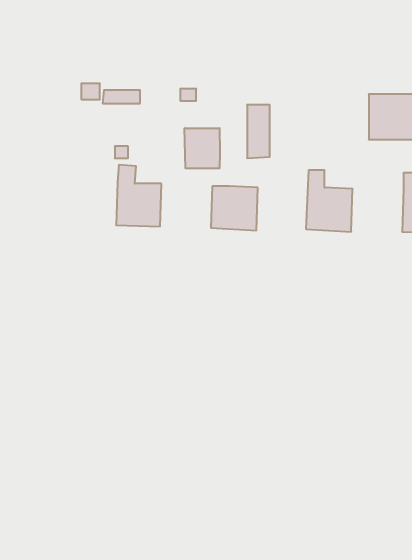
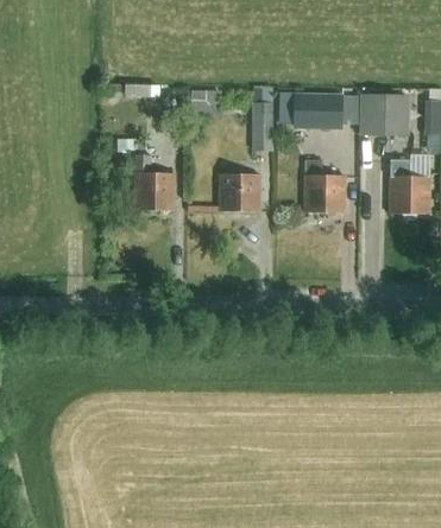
building: none -> [292,90,341,126]
building: [185,128,220,168] -> none

